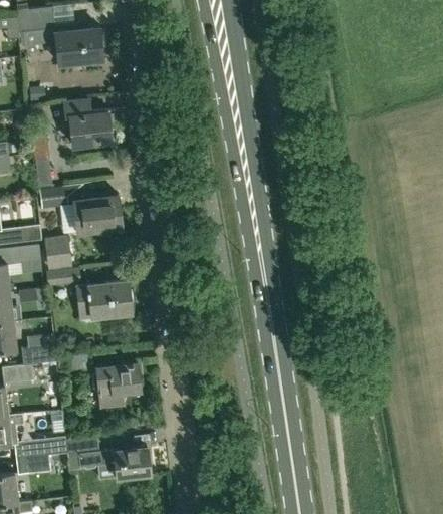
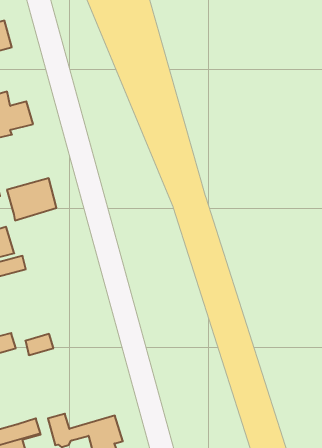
building: [76,281,131,318] -> none
building: [92,361,140,407] -> none

